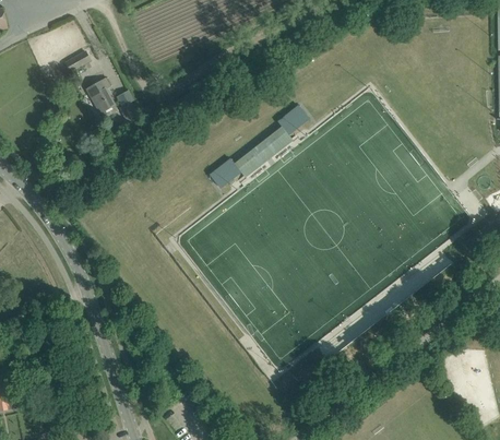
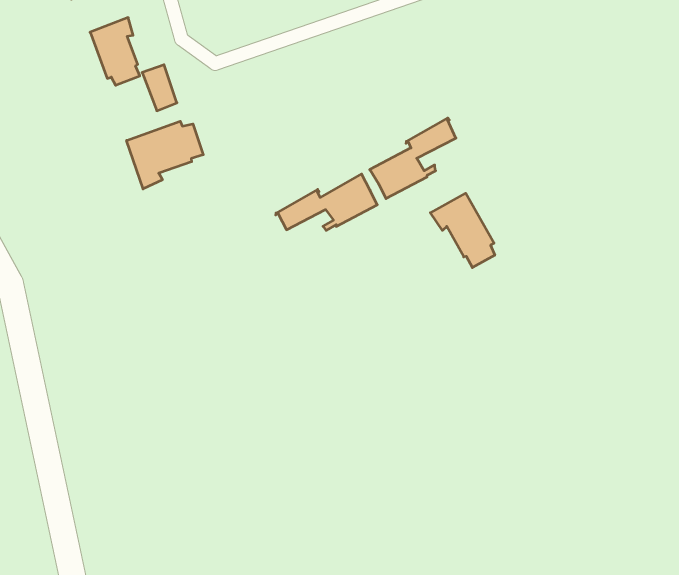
building: none -> [127,121,203,189]
building: none -> [430,193,495,268]

